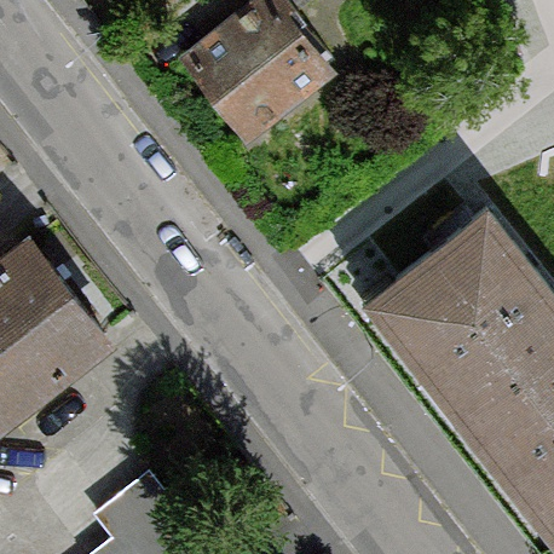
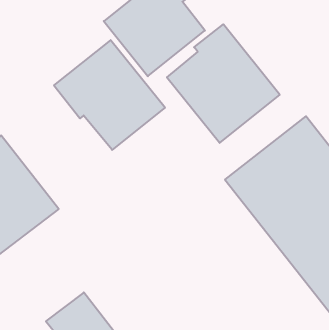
building: none -> [167,24,280,143]
building: none -> [54,40,165,150]

